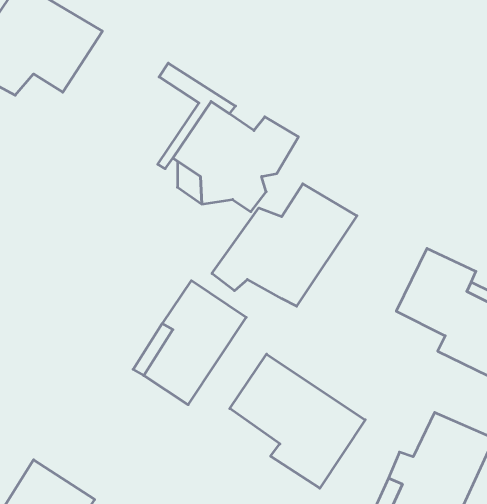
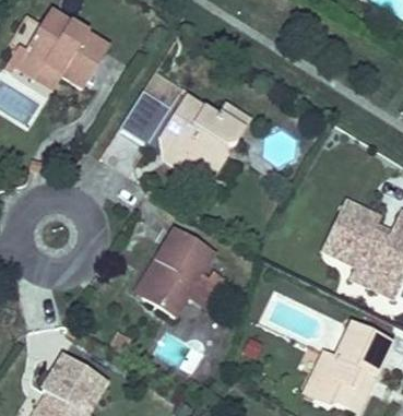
building: none -> [123,80,180,142]
building: [212,184,357,306] -> none
building: [230,354,365,488] -> none

